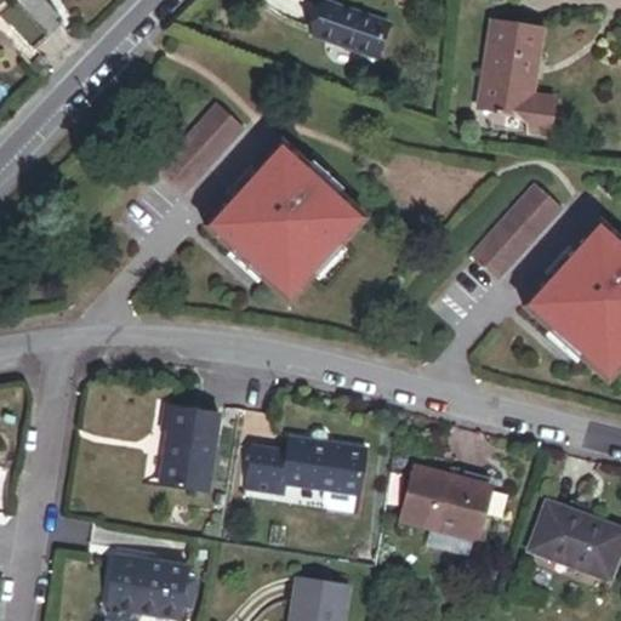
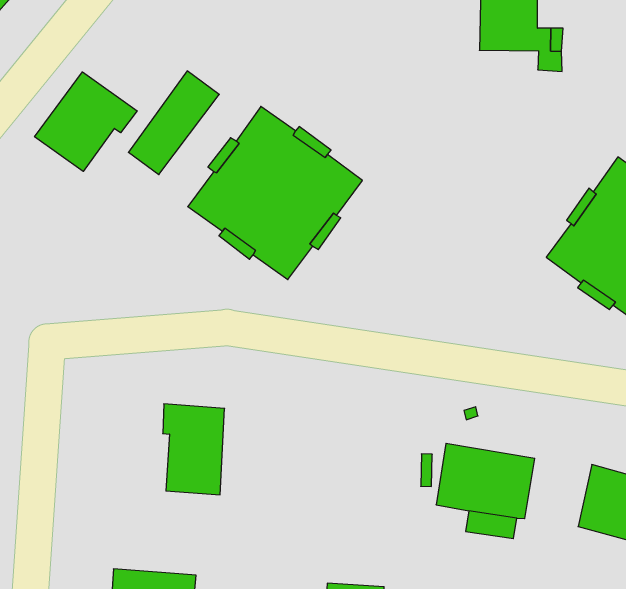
building: none -> [35,72,137,171]
building: [469,184,562,281] -> none
building: [239,423,357,503] -> none

